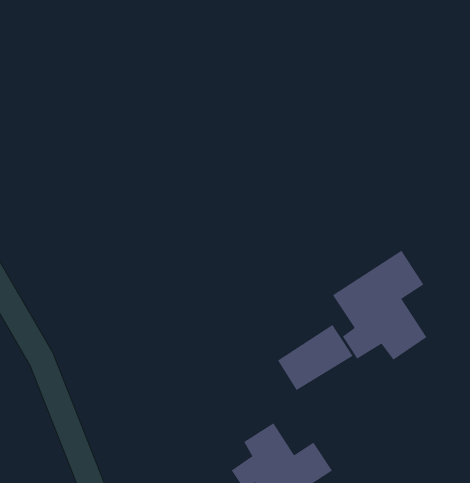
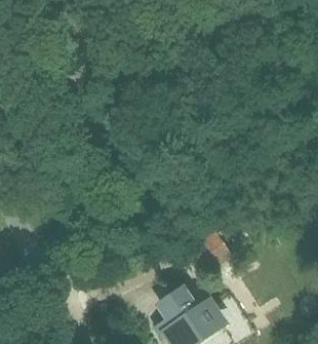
building: [332,250,427,360] -> none

